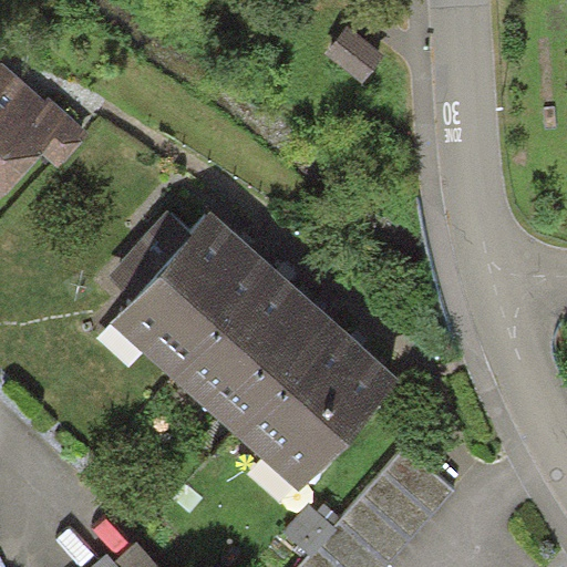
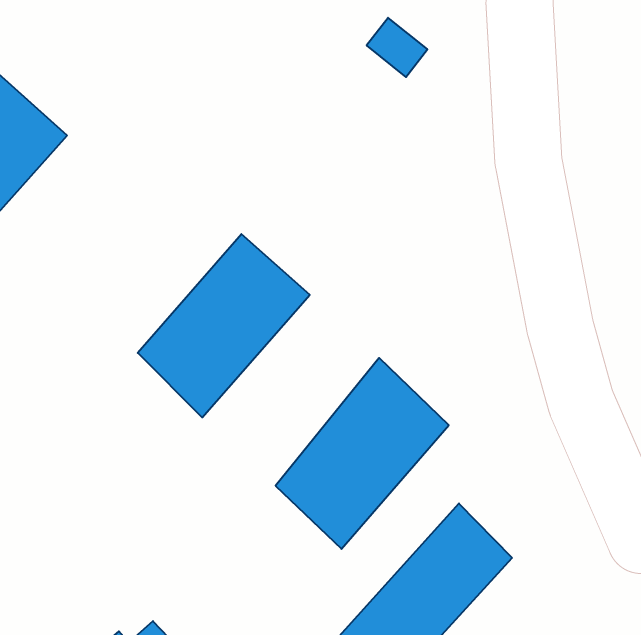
building: [177,268,332,435] -> none

